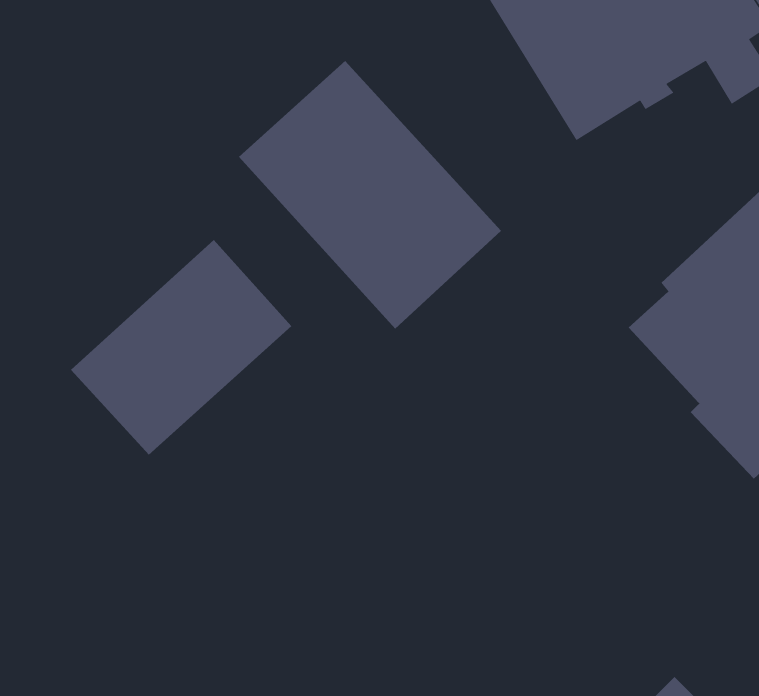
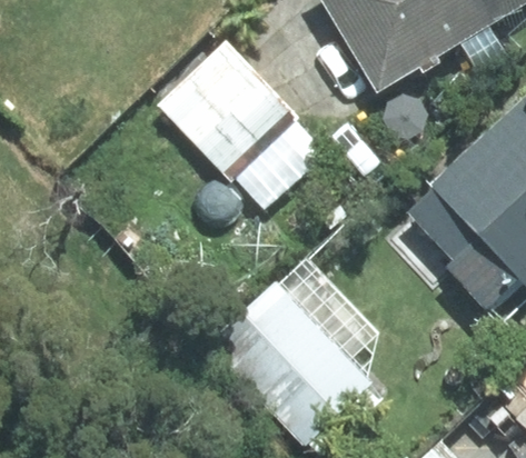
building: [70,239,292,456] -> none
building: none -> [248,262,378,418]

